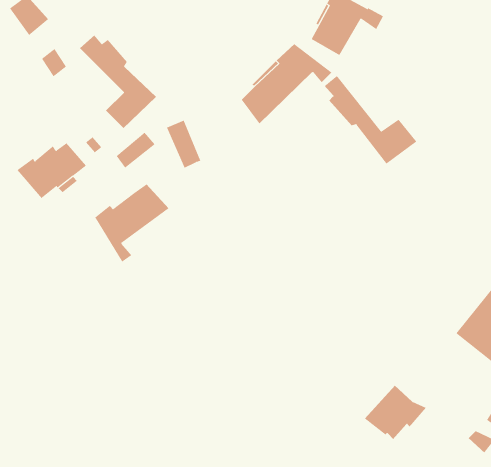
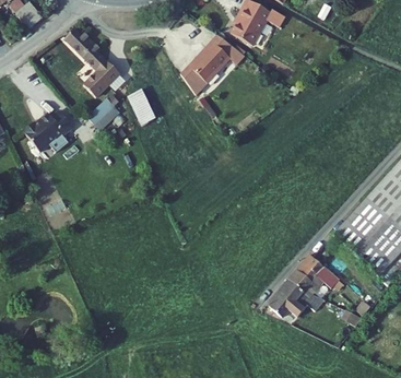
building: [324,75,417,165] -> none
building: [95,184,169,262] -> none
building: none -> [291,256,341,297]

